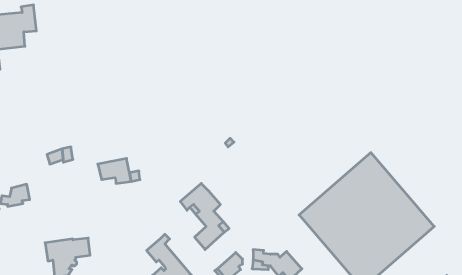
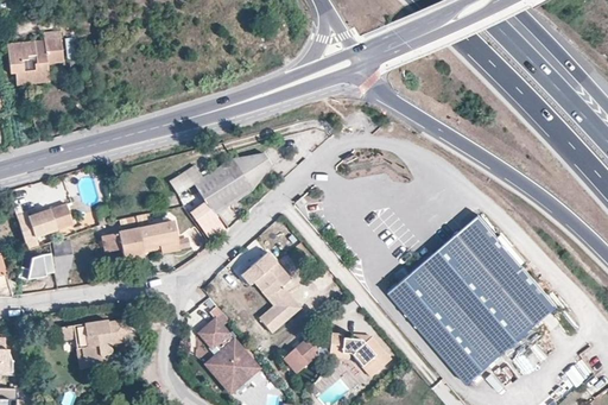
building: none -> [169,153,270,240]
building: none -> [27,204,75,239]
building: none -> [101,228,144,261]

